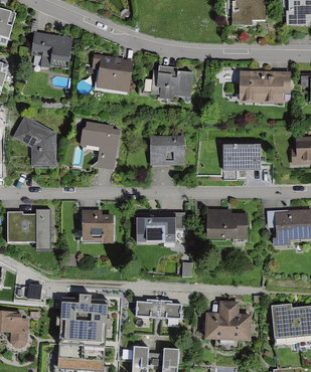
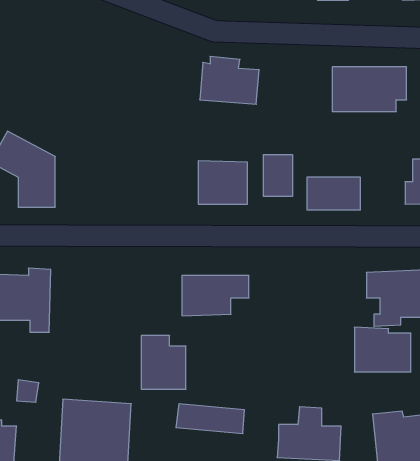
building: [33,31,75,65] -> none
building: [93,54,134,90] -> none
building: [82,122,118,168] -> none
building: none -> [263,155,292,196]
building: [208,207,247,237] -> [354,327,411,372]
building: [84,208,114,244] -> [141,336,186,389]

